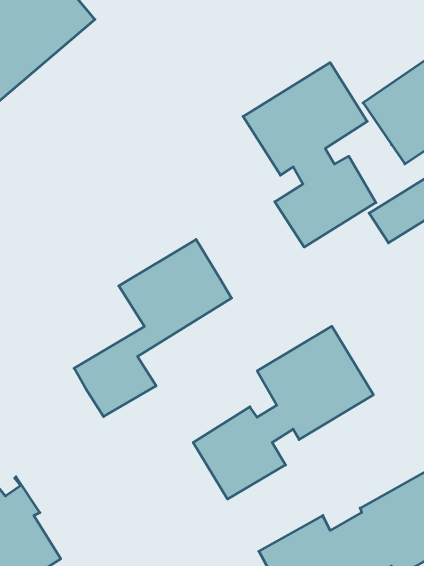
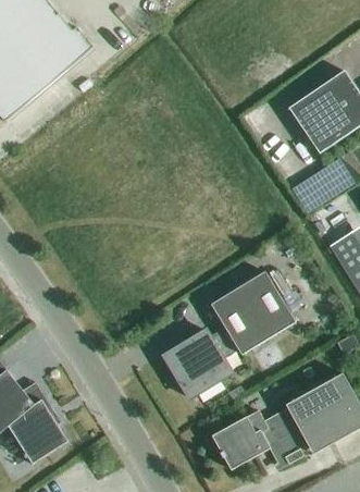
building: [243,63,376,247] -> none
building: [74,239,232,417] -> none

